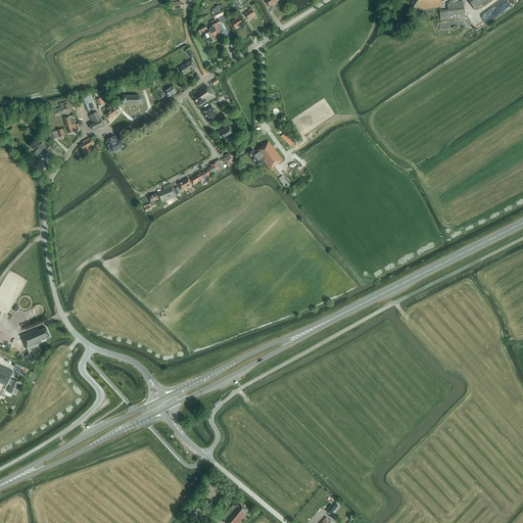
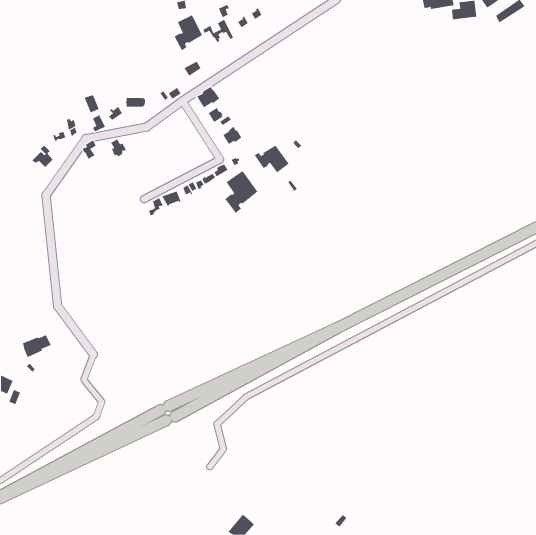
building: none -> [174,14,203,51]
building: none -> [224,170,258,214]

